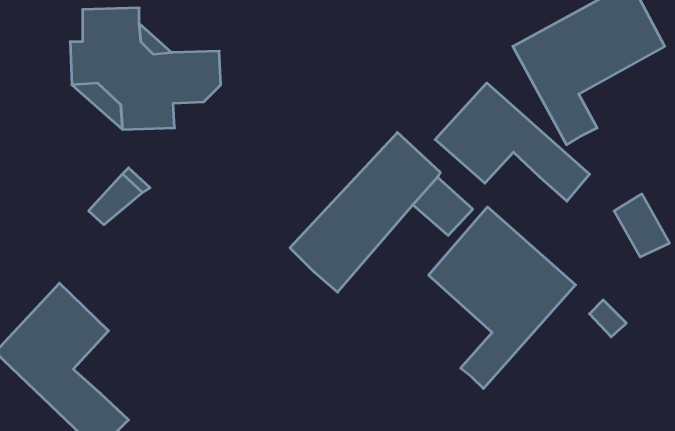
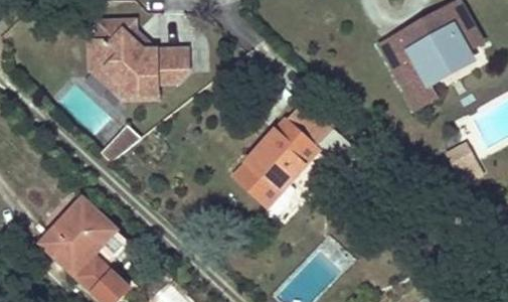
building: [435,83,590,201] -> none
building: [429,207,576,389] -> none

